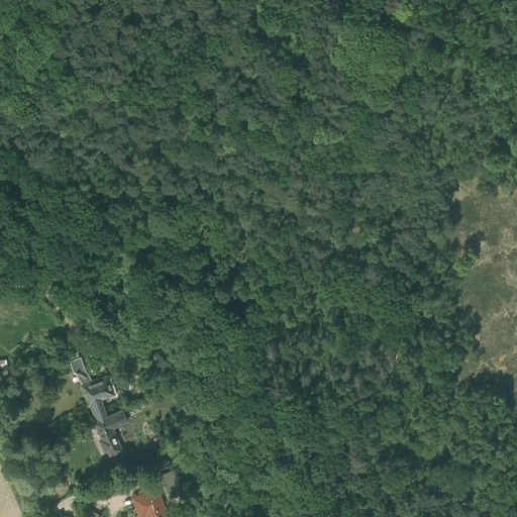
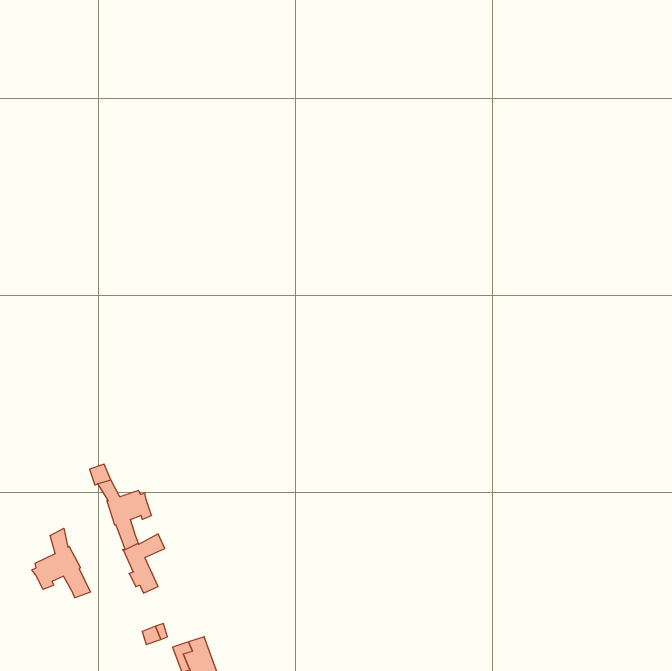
building: none -> [32,528,91,598]

